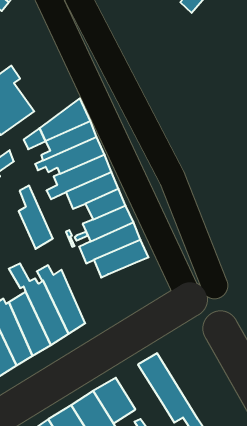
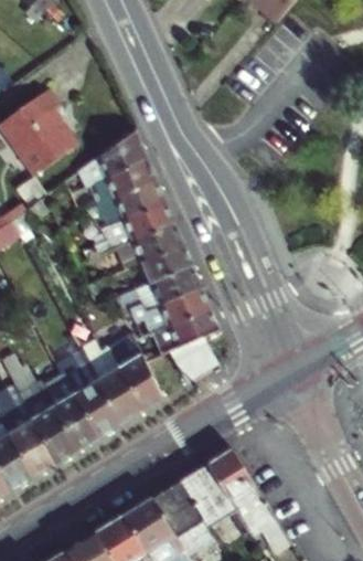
building: [19,186,53,249] -> [119,332,162,412]
building: none -> [169,336,215,383]
building: none -> [179,464,236,527]

